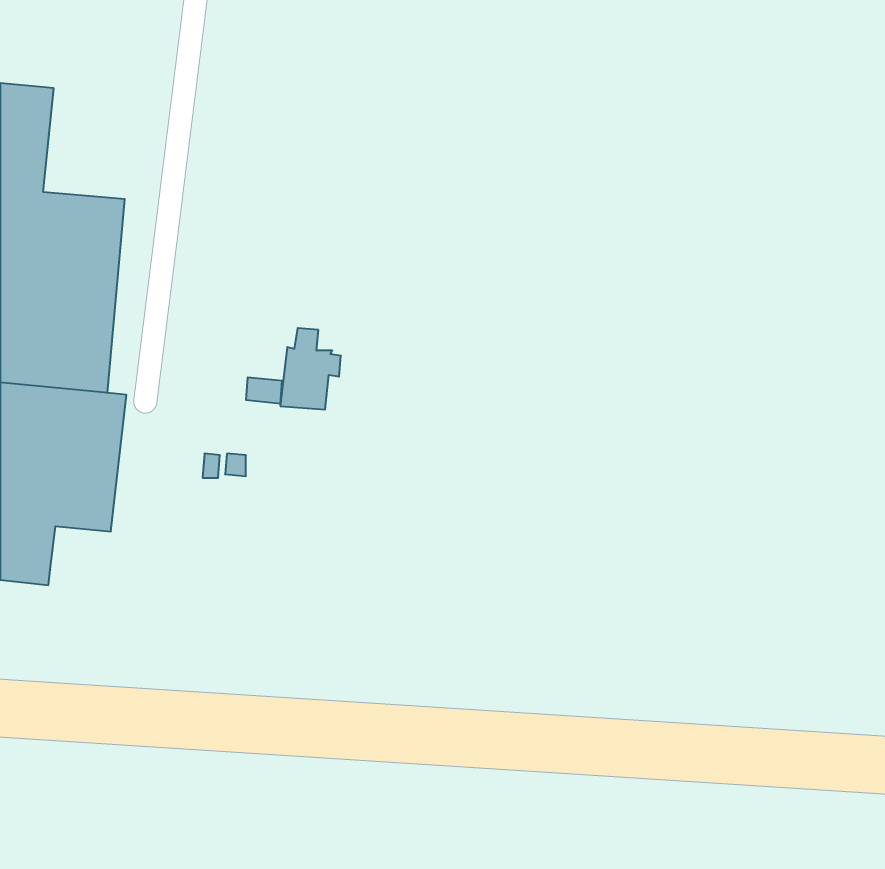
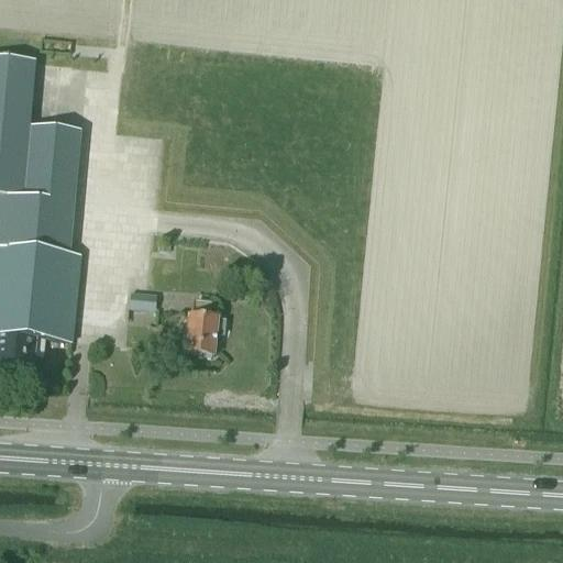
building: [280,328,341,409] -> [185,298,223,350]

